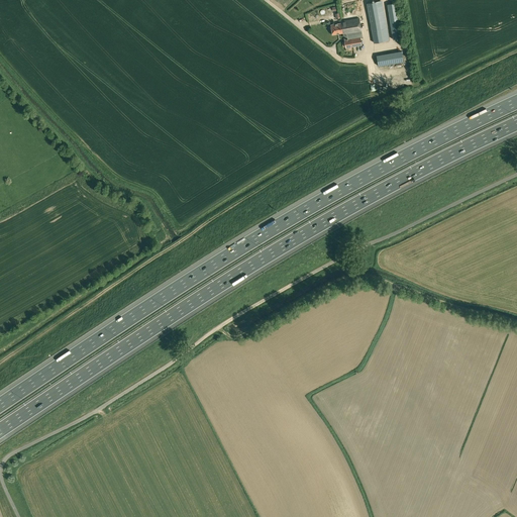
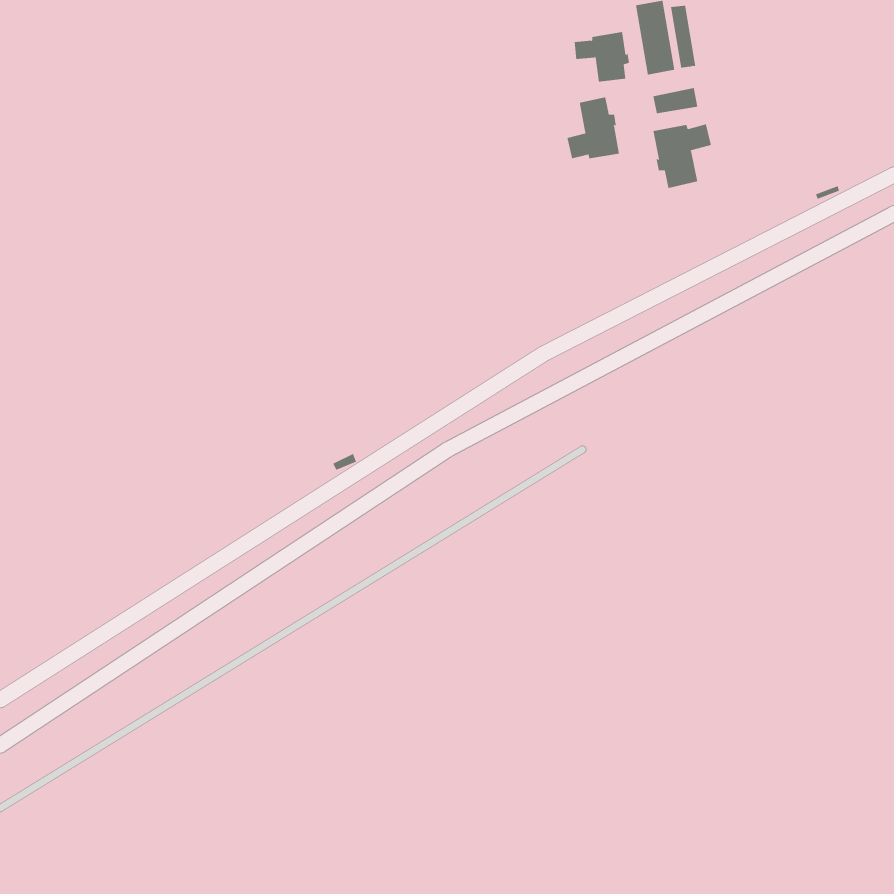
building: none -> [567,96,619,159]
building: none -> [653,124,712,189]

